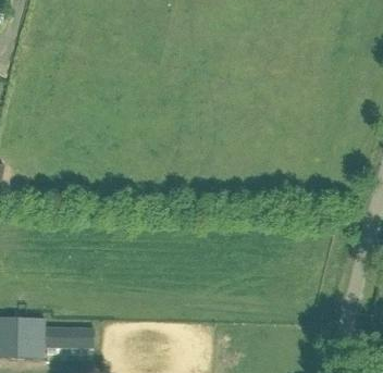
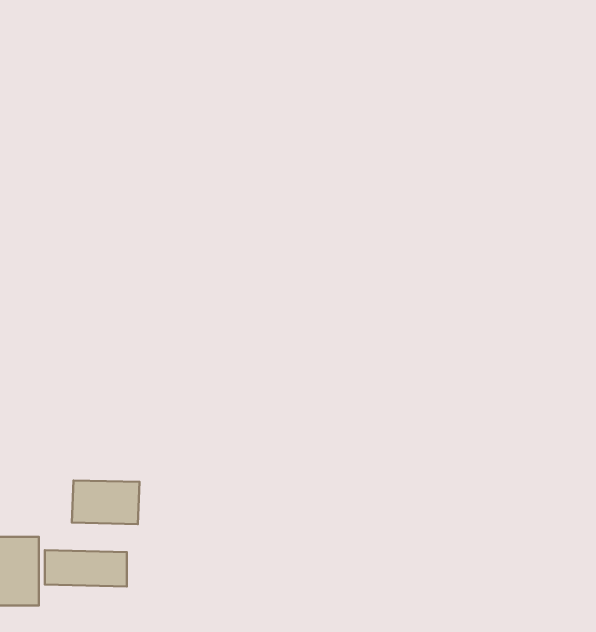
building: none -> [72,480,139,524]

